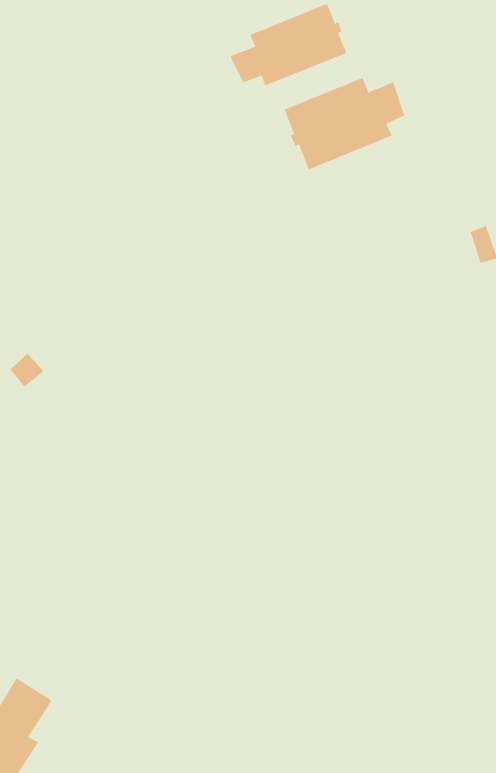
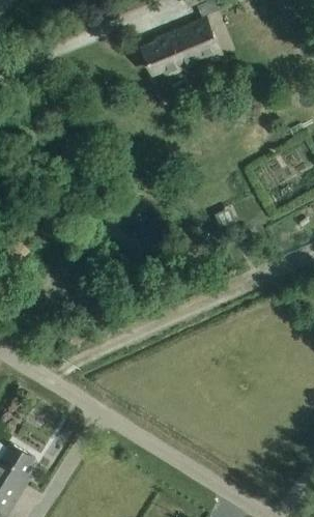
building: [284,77,405,170] -> none

